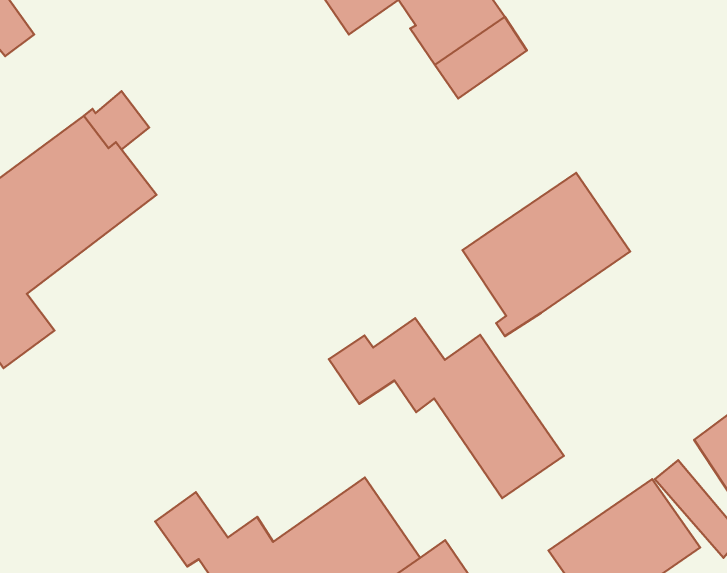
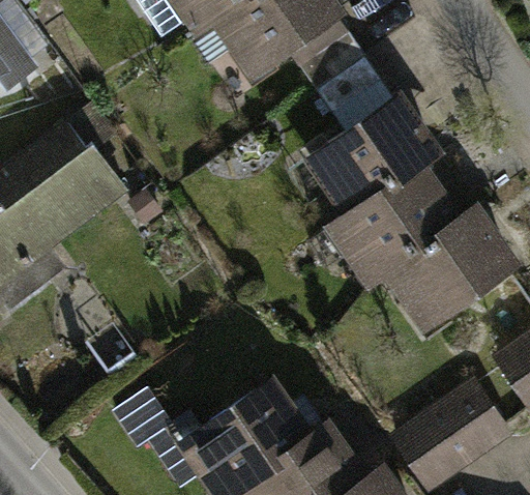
building: none -> [314,99,434,211]
building: none -> [392,212,510,323]
building: [329,318,564,498] -> none

